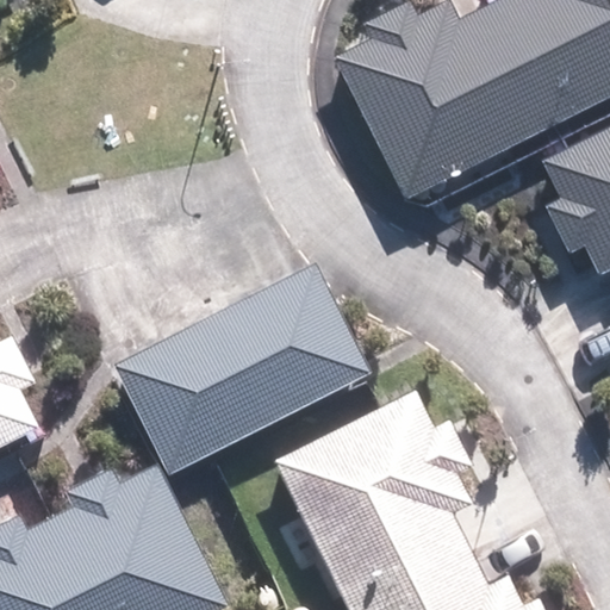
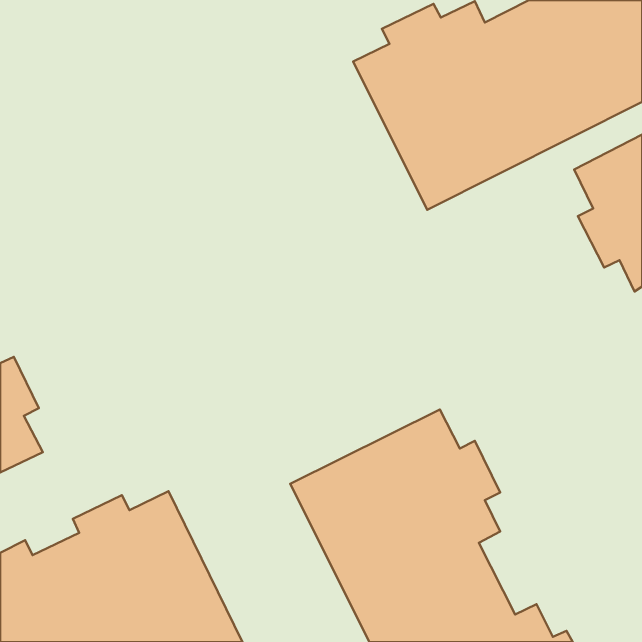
building: [114,266,371,473] -> none

